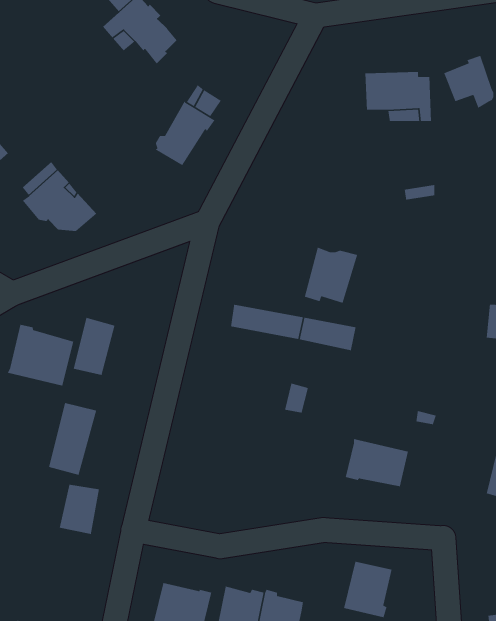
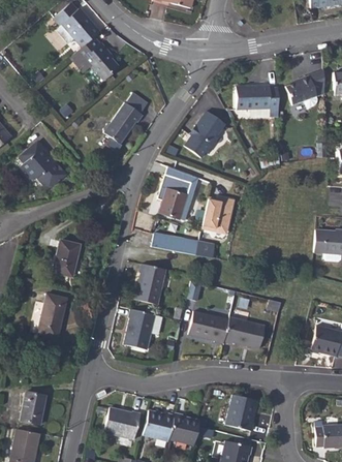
building: none -> [186,111,226,157]
building: none -> [157,164,197,219]
building: [7,324,74,387] -> none
building: none -> [133,264,164,304]
building: none -> [124,308,155,349]
building: none -> [189,311,229,342]
building: [59,484,100,535] -> [21,392,46,424]

